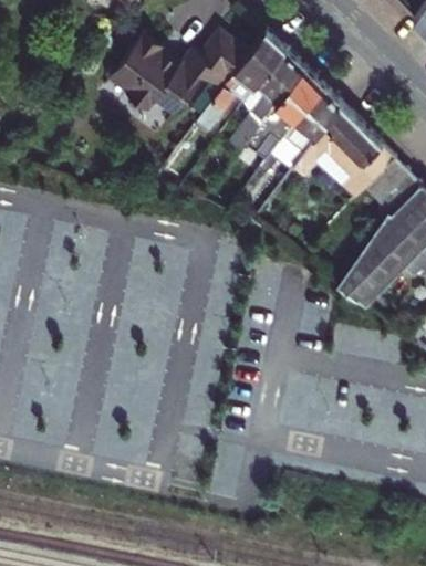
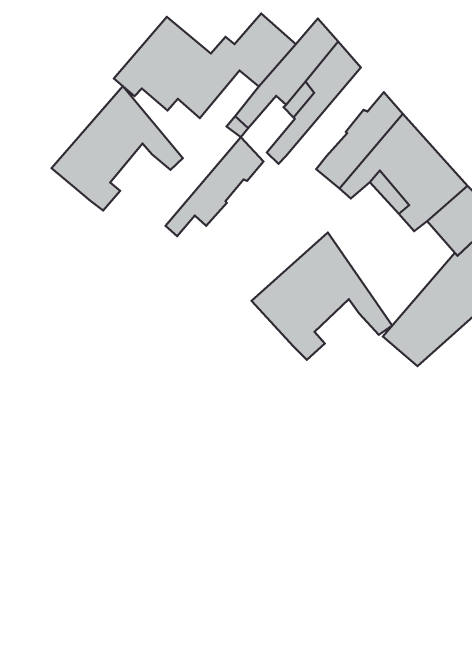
building: [246,69,322,153] -> [165,137,264,236]
building: none -> [52,86,183,211]
building: none -> [252,232,392,360]

